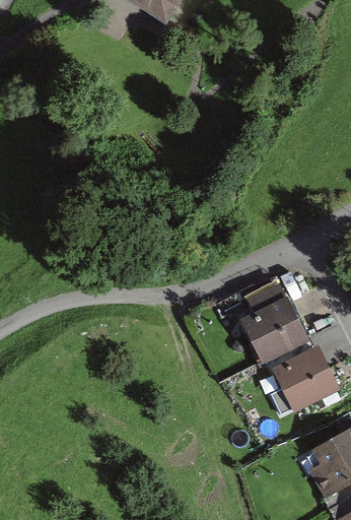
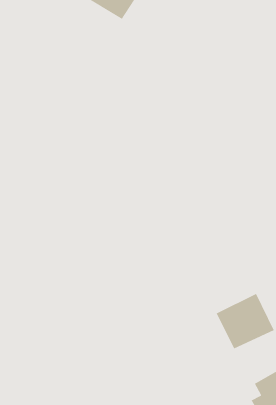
building: [235,298,303,364] -> none

